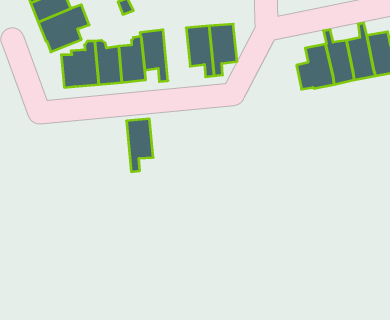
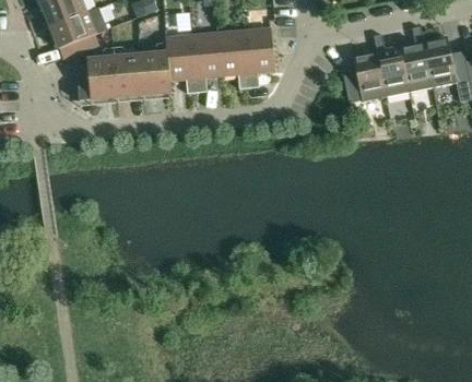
building: [126,119,153,172] -> [191,33,222,93]

